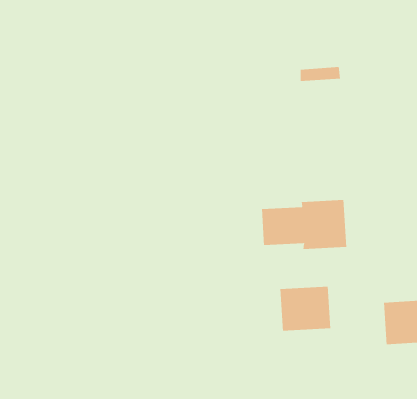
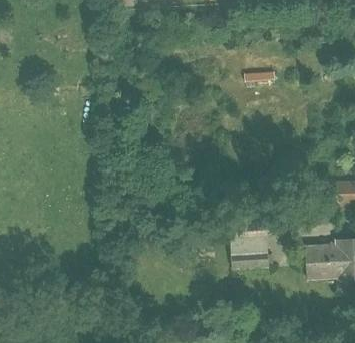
building: [262,199,347,250] -> none

